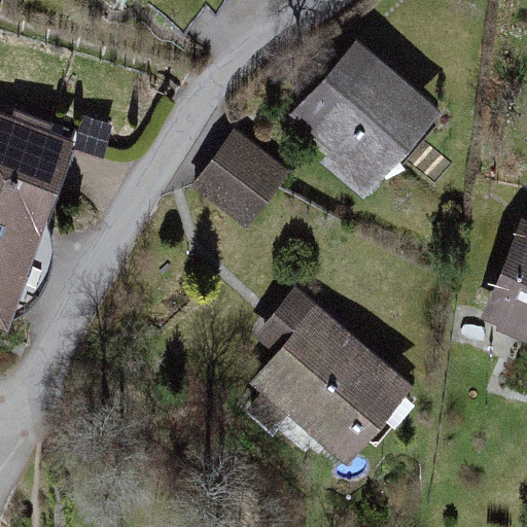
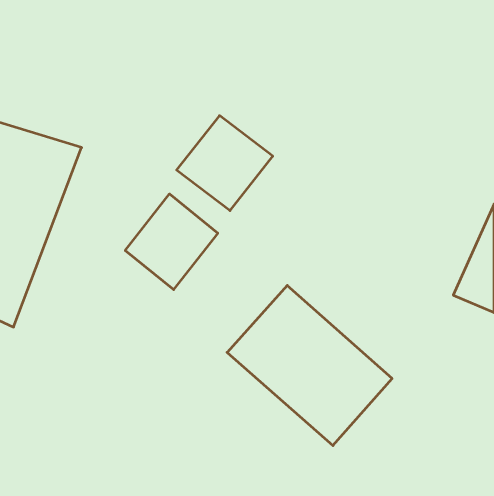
building: [292,39,438,184] -> none
building: none -> [125,194,218,290]

